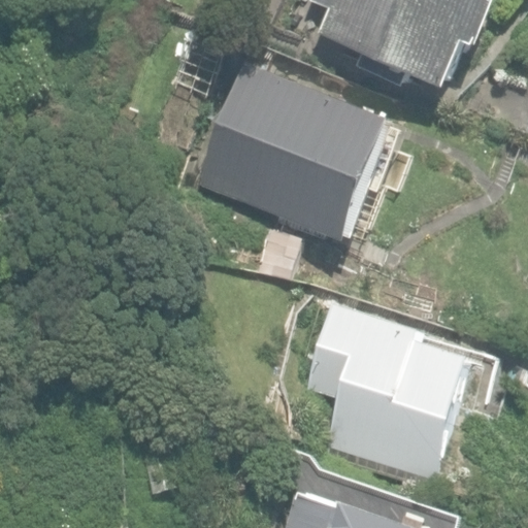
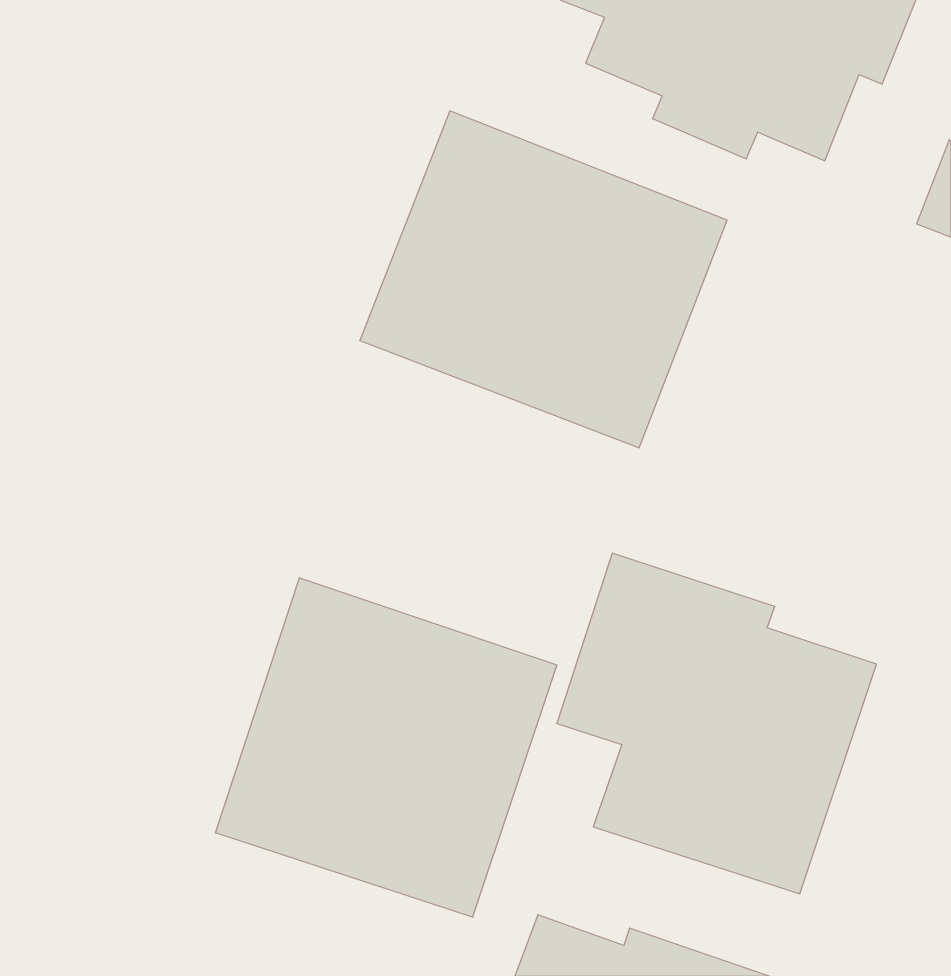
building: none -> [215,578,557,917]

